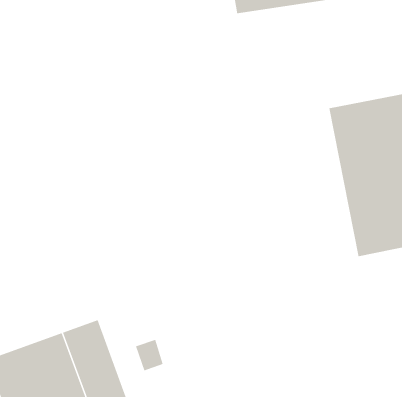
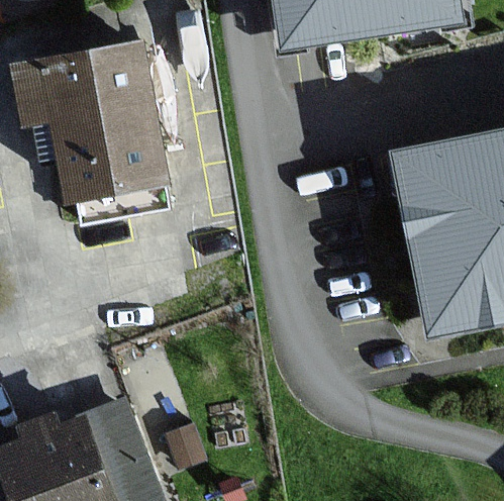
building: none -> [20,47,161,197]

